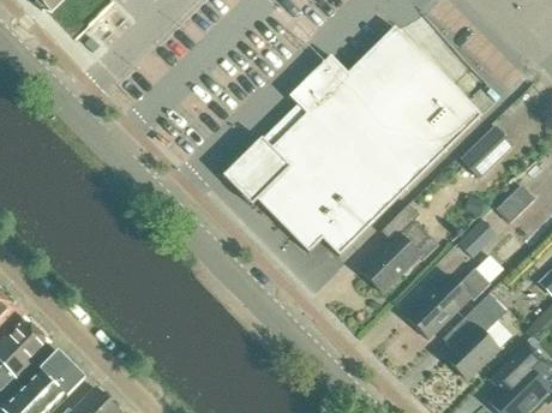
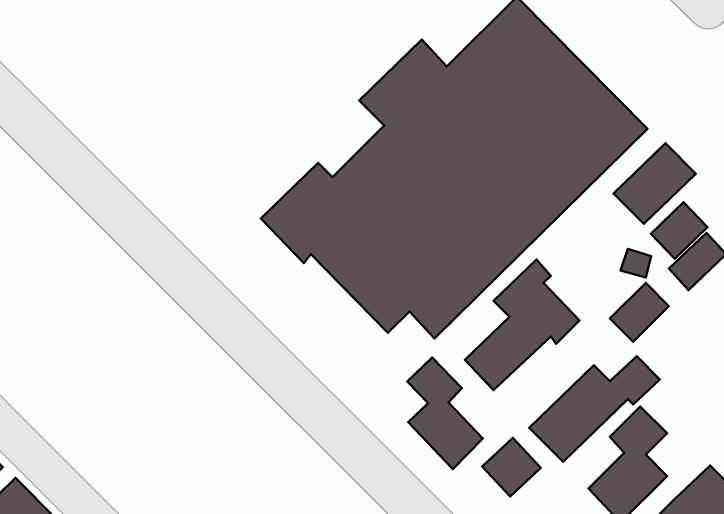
building: none -> [651,202,708,259]
building: none -> [407,357,483,469]
building: none -> [482,438,541,496]

